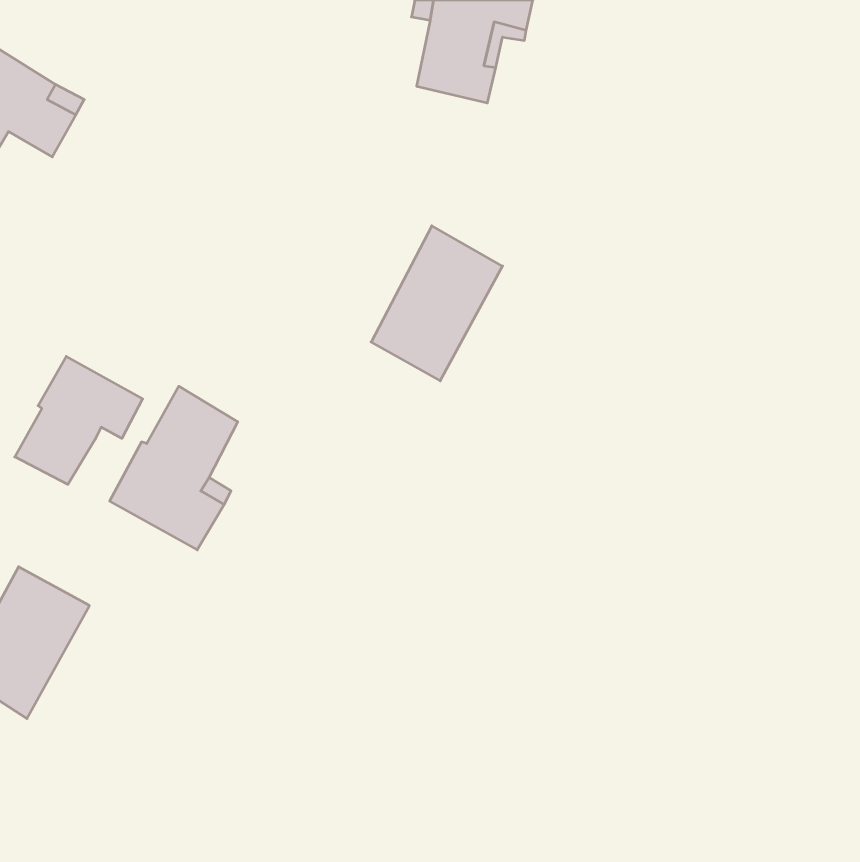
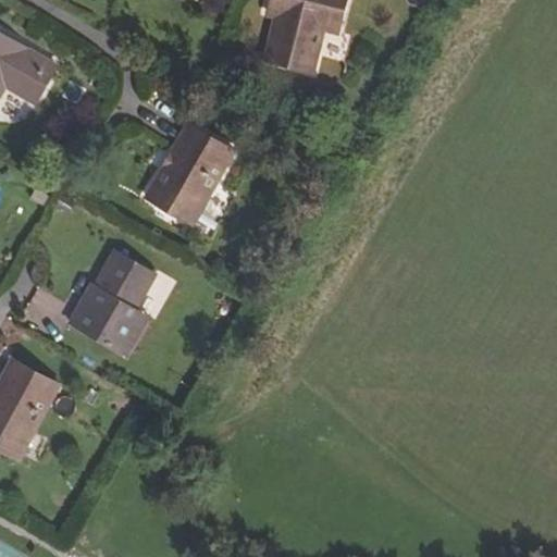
building: [371,226,503,381] -> [148,121,233,221]
building: [15,356,143,484] -> none

